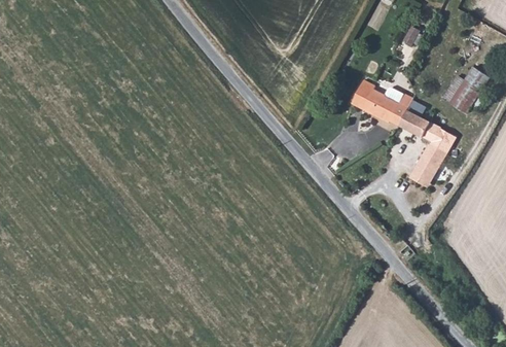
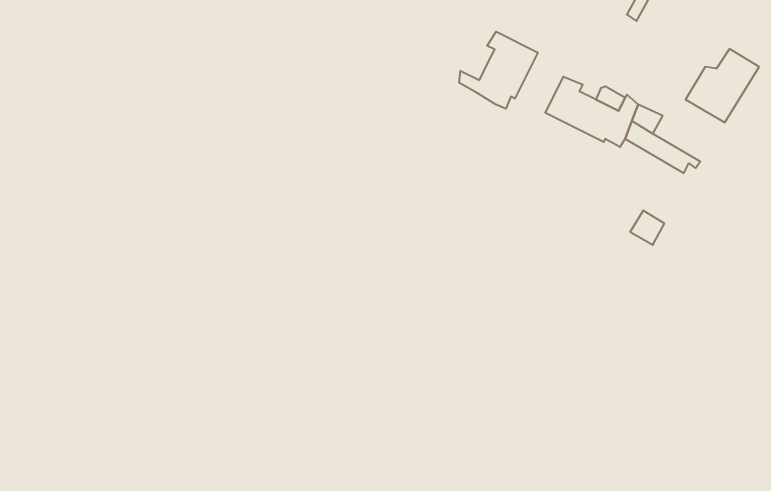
building: none -> [459,32,538,109]
building: [415,142,447,177] -> none

